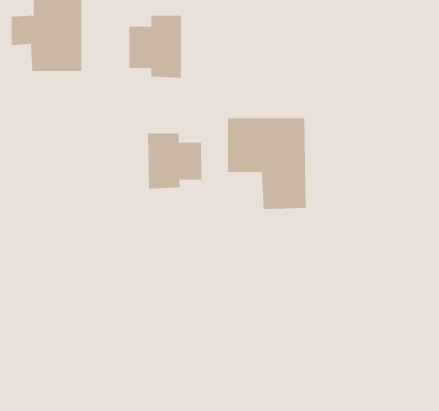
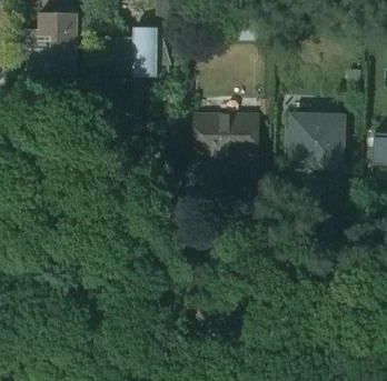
building: none -> [287,110,345,171]
building: [147,132,202,190] -> none

